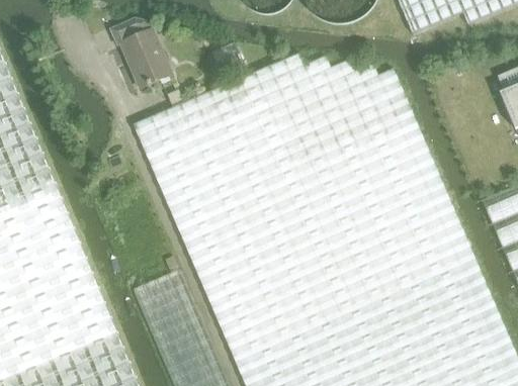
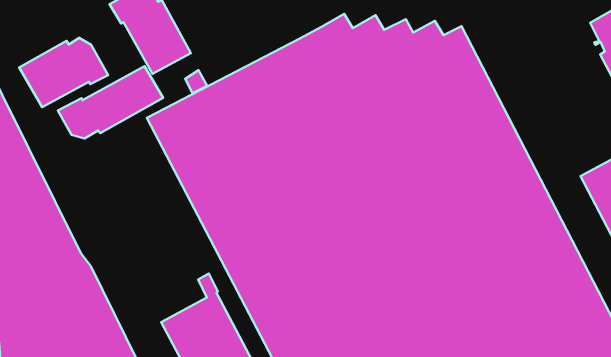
building: none -> [19,38,108,107]
building: none -> [58,66,163,139]

